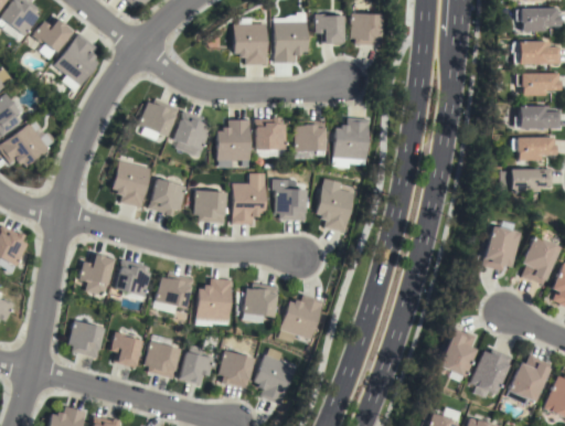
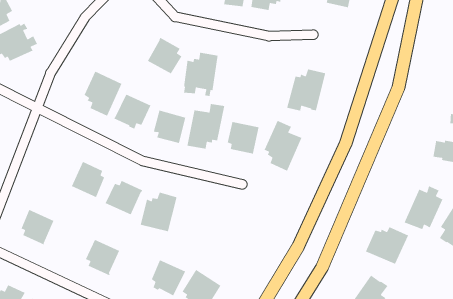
building: [138,98,179,137] -> none
building: [254,117,287,158] -> none
building: [294,120,326,151] -> none
building: [78,253,114,296] -> none
building: none -> [365,226,409,265]
building: [243,284,278,319] -> none
building: [278,295,323,342] -> none
building: [110,331,142,368] -> none
building: [179,352,214,384] -> none

